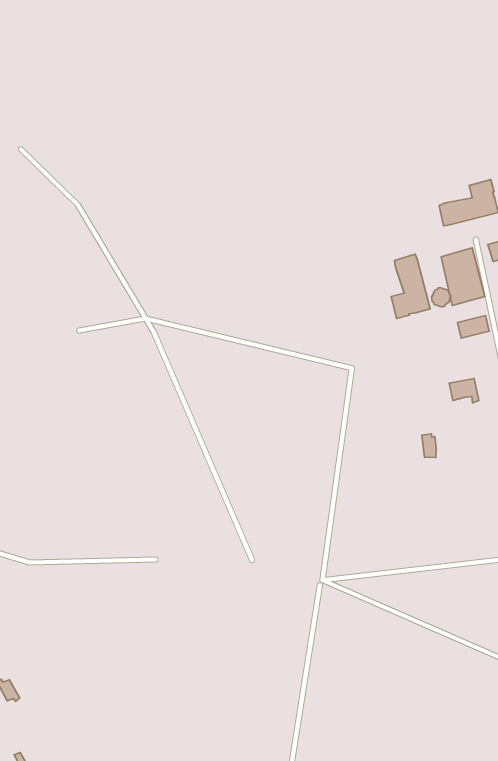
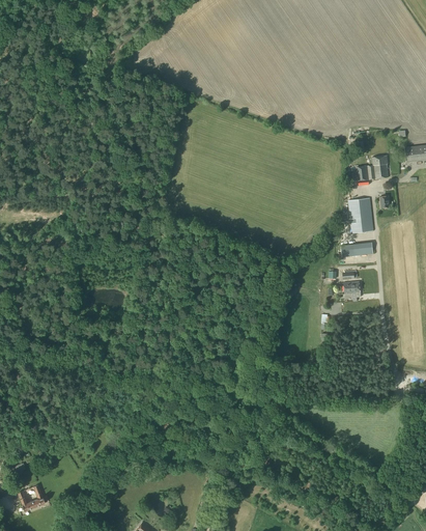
building: [391,254,430,319] -> none

